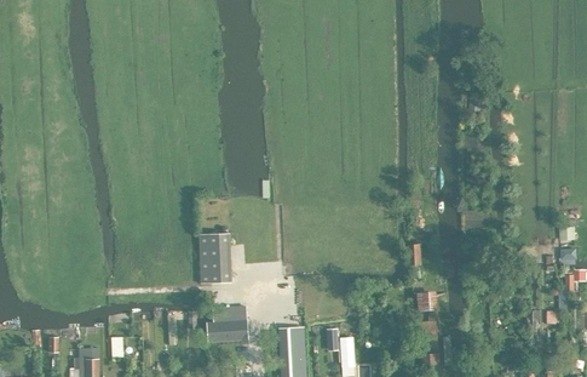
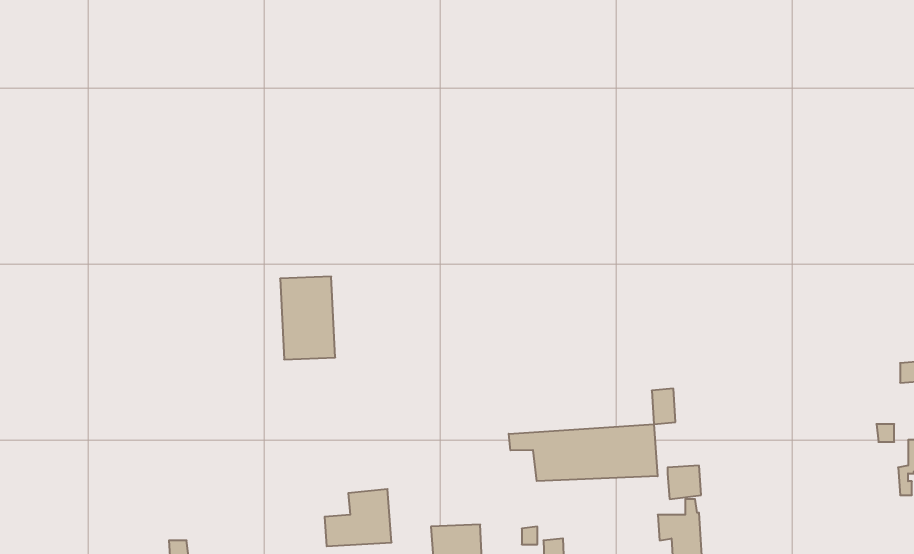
building: [198,233,232,284] -> [280,277,335,359]
building: none -> [509,424,658,481]

